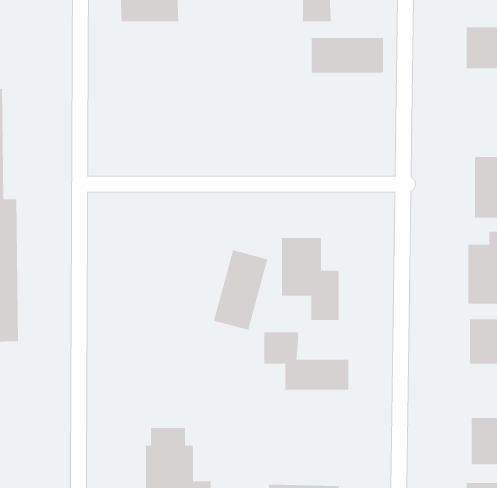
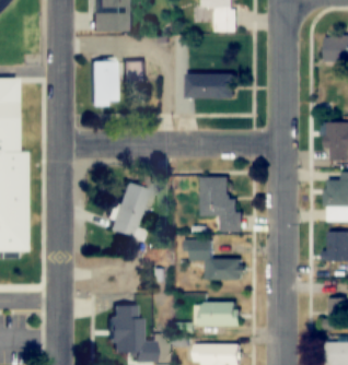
building: [311,37,384,73] -> [186,74,235,98]
building: none -> [91,61,116,106]
building: none -> [121,62,144,85]
building: [213,250,268,331] -> [108,184,146,238]
building: none -> [197,302,240,326]

